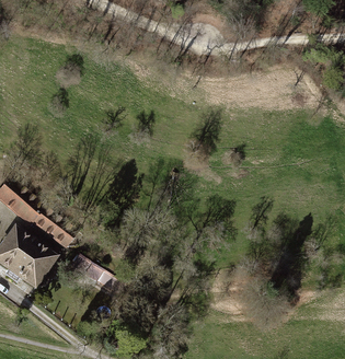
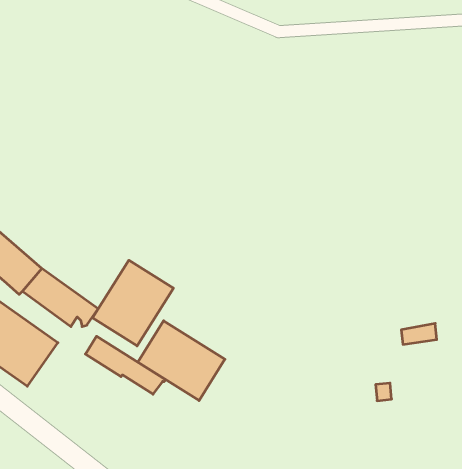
building: none -> [93,260,173,346]
building: none -> [138,321,225,401]

